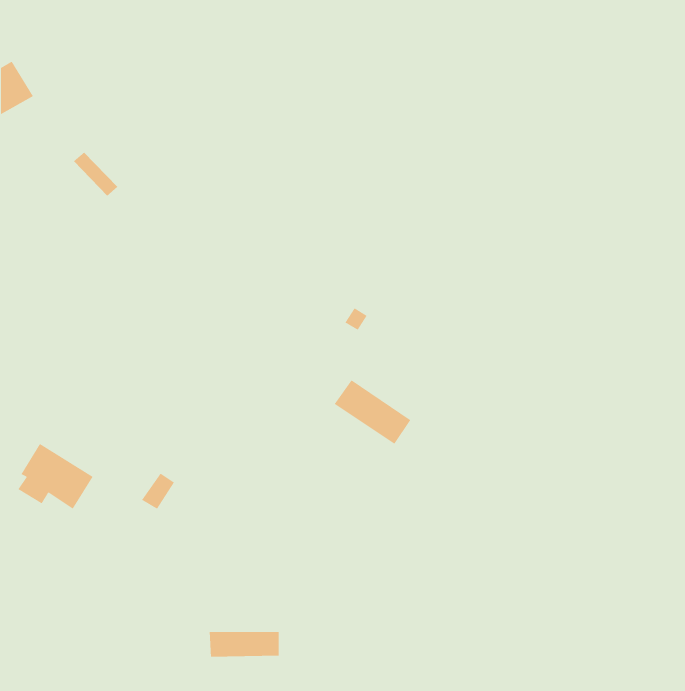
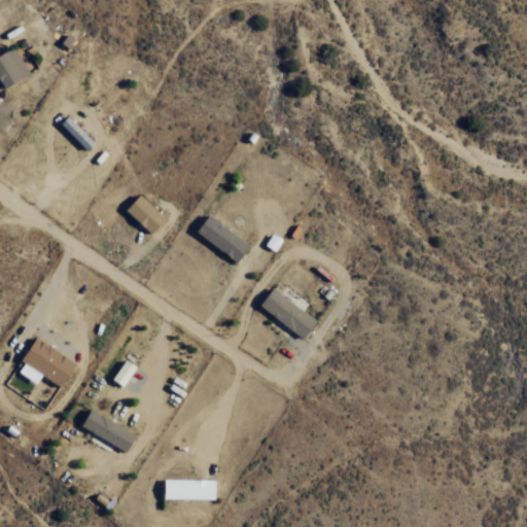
building: none -> [126,196,168,234]
building: none -> [197,214,251,264]
building: none -> [82,409,137,453]

